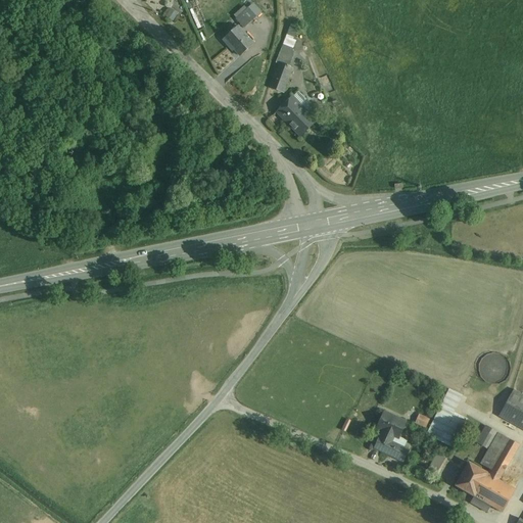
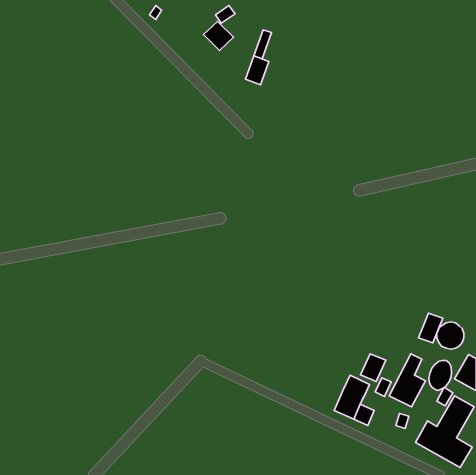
building: [276,95,314,137] -> none
building: none -> [419,313,443,343]
building: none -> [360,354,386,381]
building: none -> [429,361,452,390]

